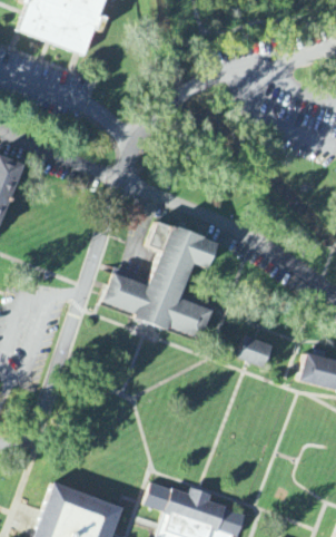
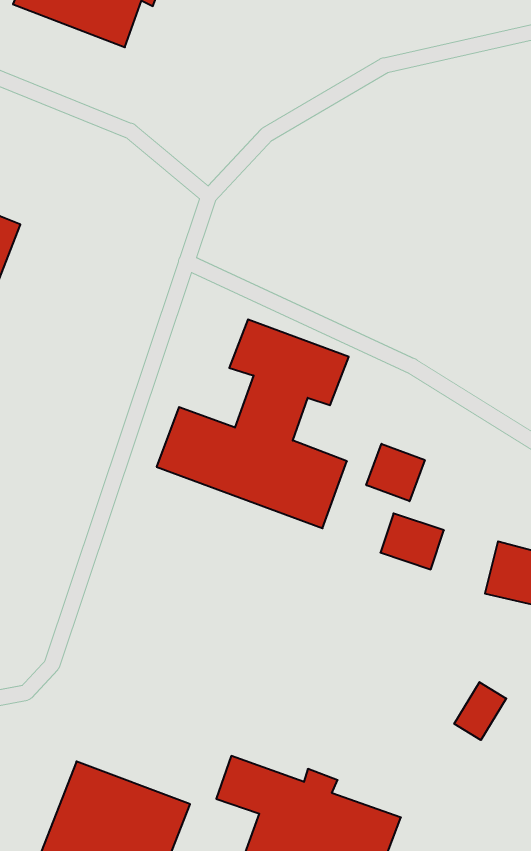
building: none -> [366,444,425,501]
building: none -> [454,682,506,740]

